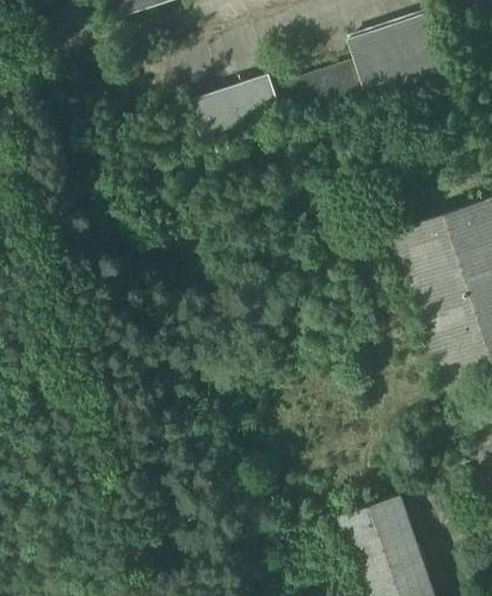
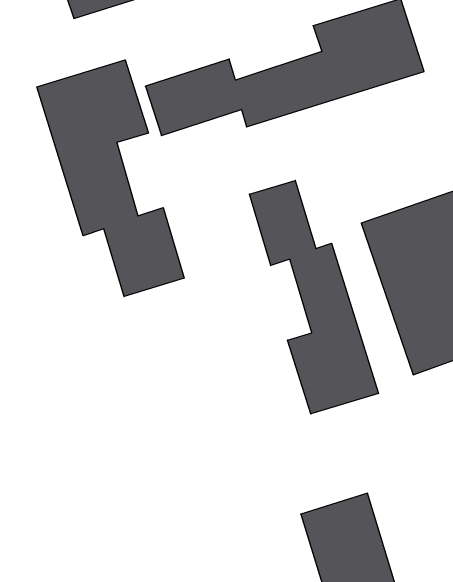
building: none -> [37,60,184,297]
building: none -> [249,180,378,414]

